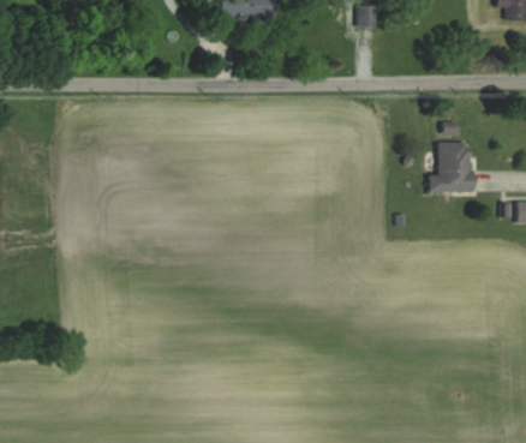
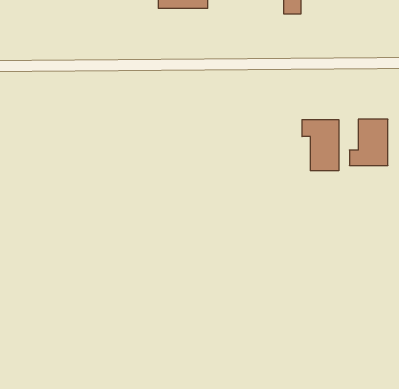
building: none -> [302,120,339,171]

